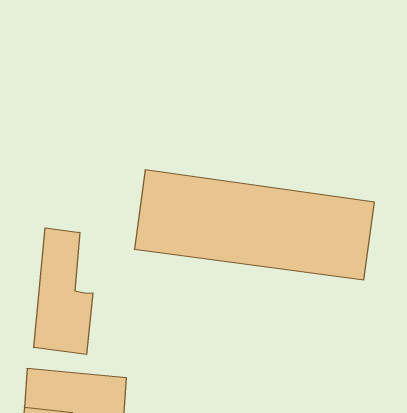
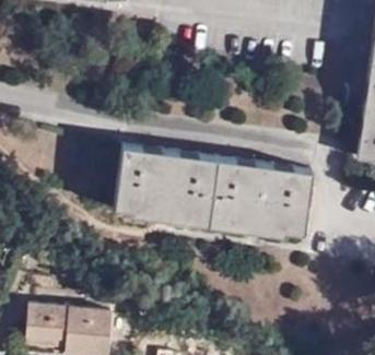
building: [34,228,93,354] -> none

